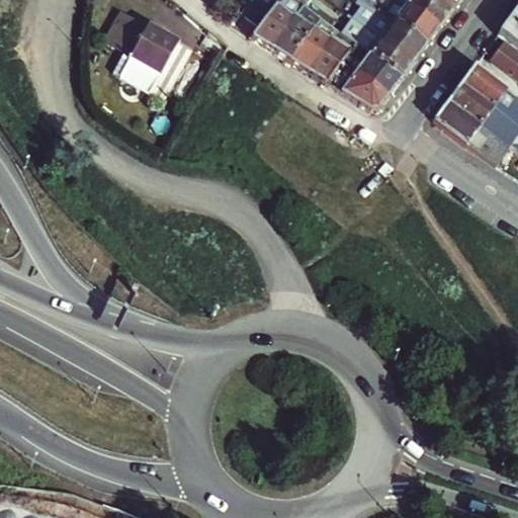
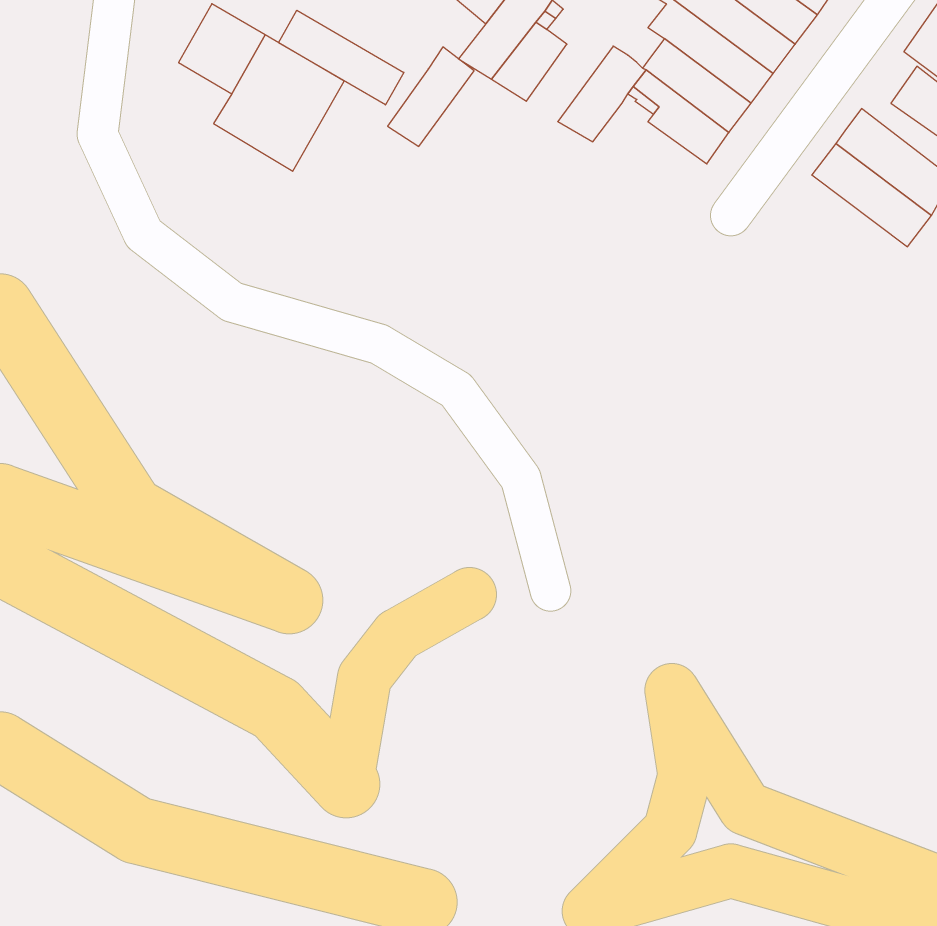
building: none -> [278,10,404,105]
building: [291,12,339,67] -> [388,47,474,146]
building: [328,57,391,105] -> none
building: [435,96,507,158] -> none

